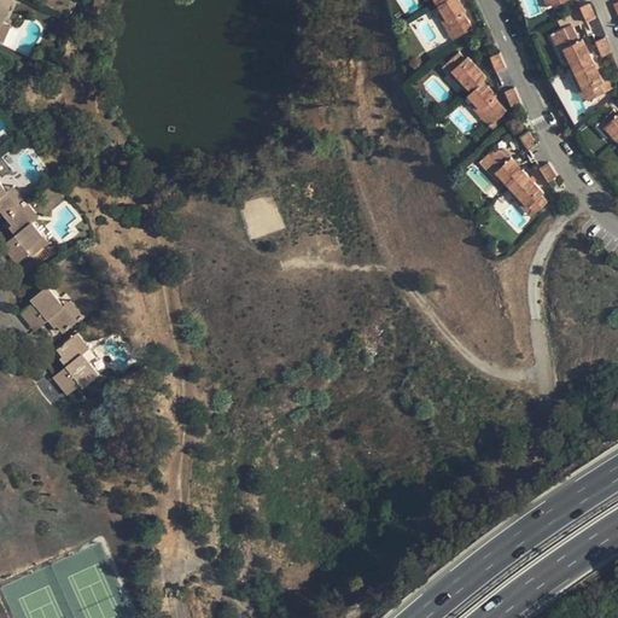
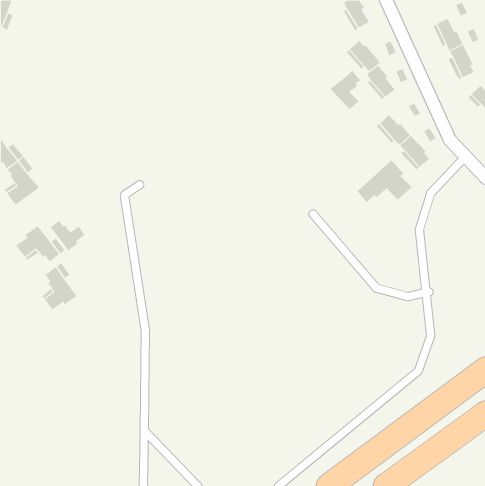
building: none -> [329,70,361,110]
building: none -> [357,160,413,203]
building: none -> [50,220,85,251]

